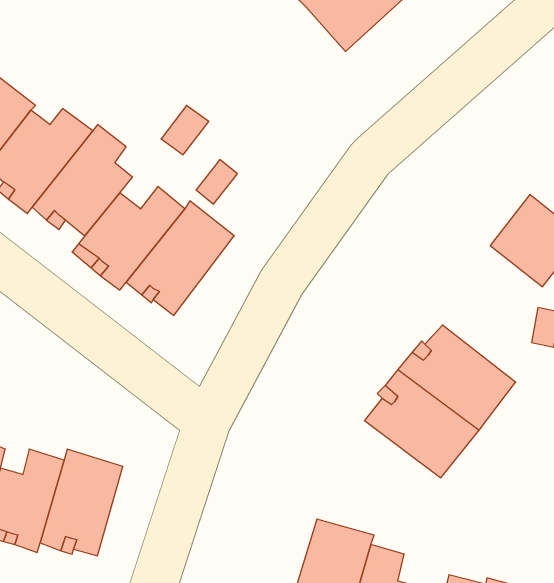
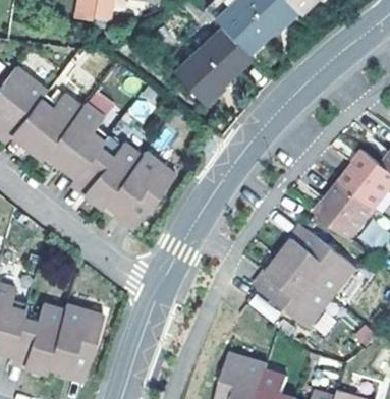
building: none -> [171,26,248,102]
building: none -> [314,179,372,237]

